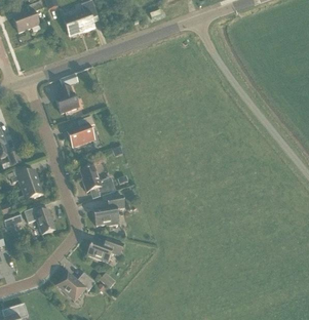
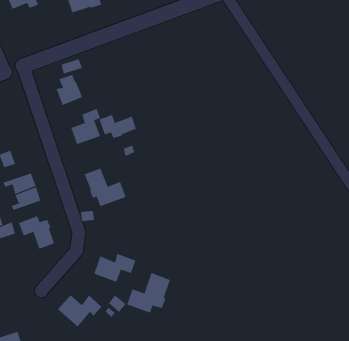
building: none -> [99,114,137,139]
building: [92,194,124,225] -> none
building: none -> [126,272,170,313]

